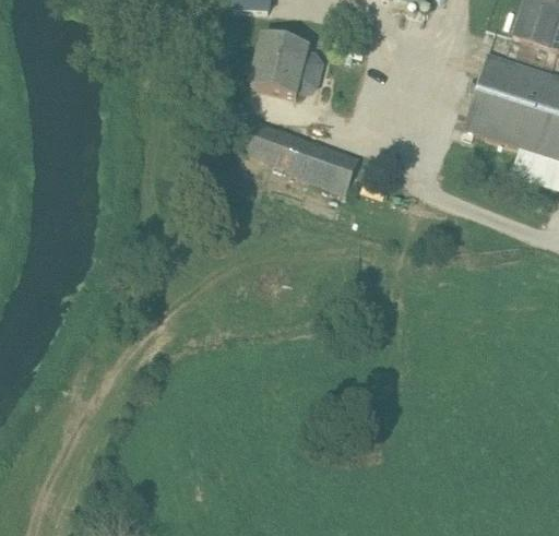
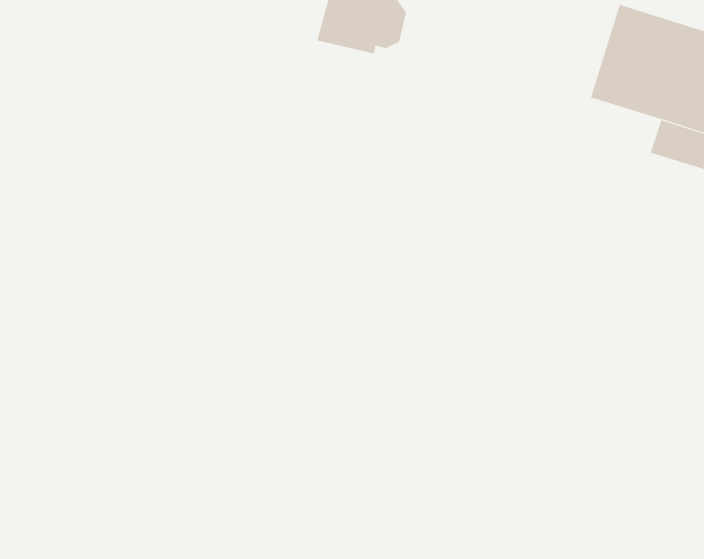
building: [239,117,359,191] -> none

